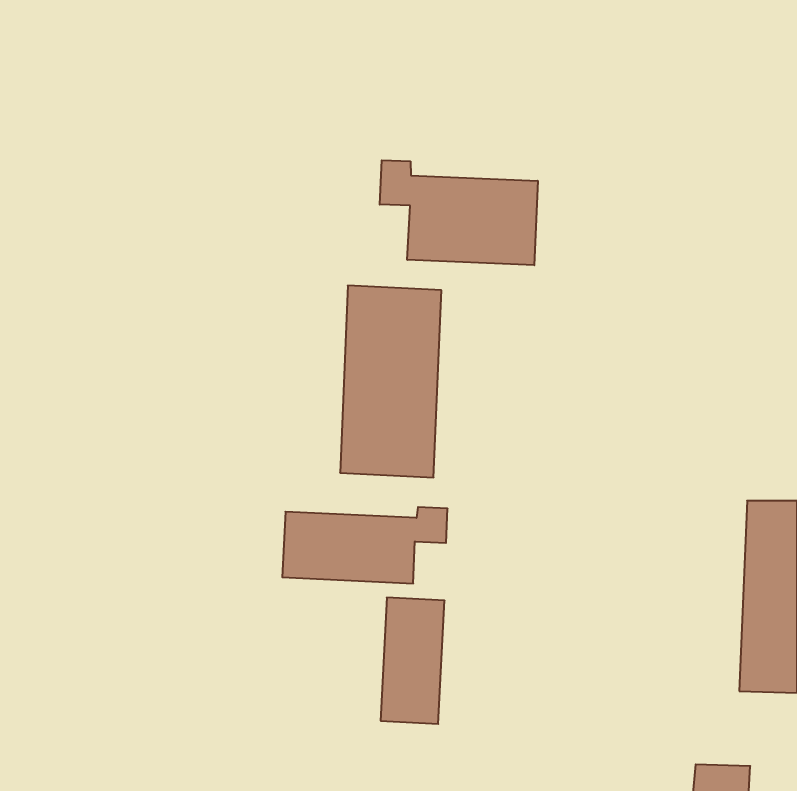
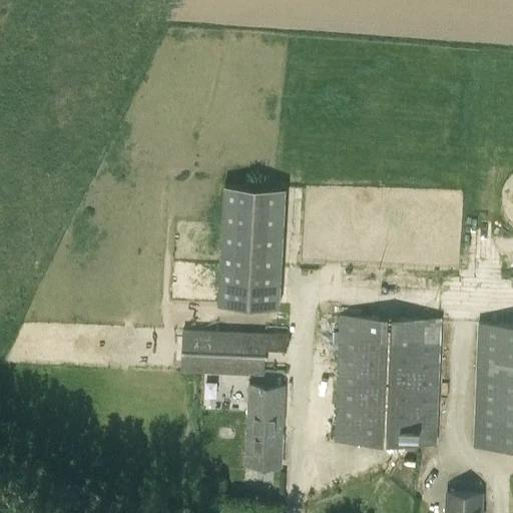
building: [380,160,538,265] -> none
building: none -> [336,318,439,446]

